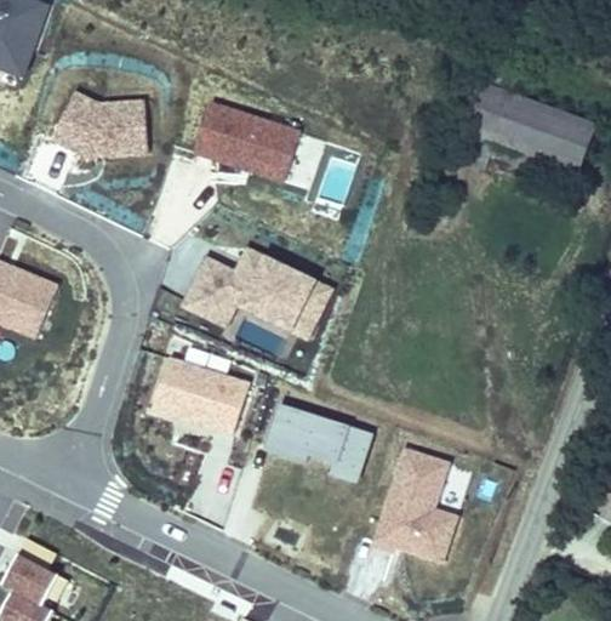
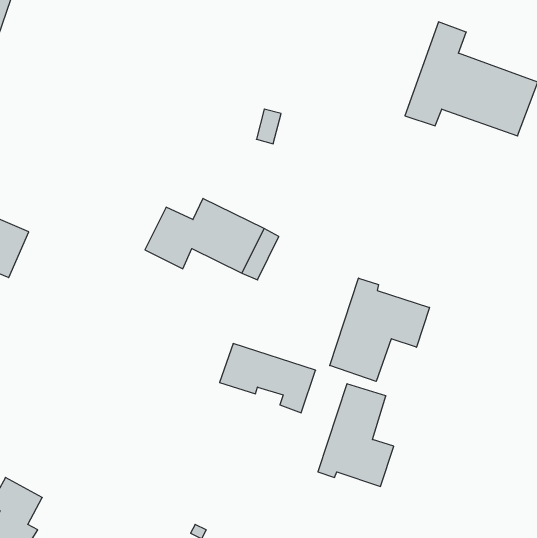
building: [51,90,147,154] -> none
building: [194,102,299,180] -> none
building: none -> [330,278,429,381]
building: [150,355,247,433] -> none

